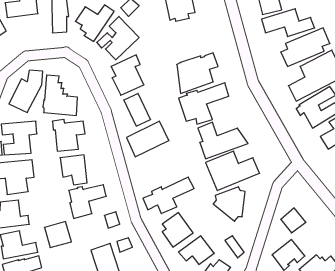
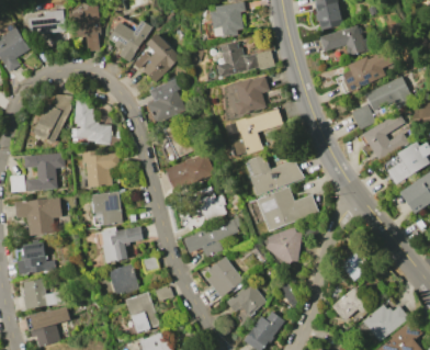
building: none -> [217,42,274,79]
building: none -> [194,187,227,222]
building: [44,222,71,248] -> [108,264,138,294]

